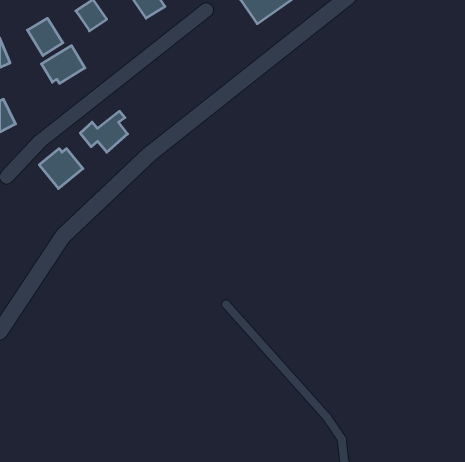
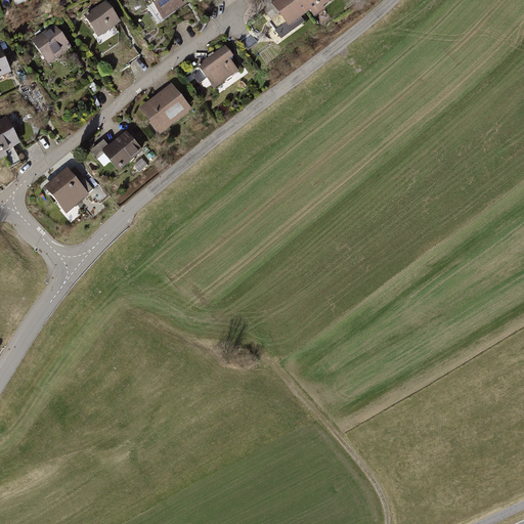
building: none -> [192,45,237,87]
building: [41,46,85,83] -> none
building: none -> [139,83,190,133]

